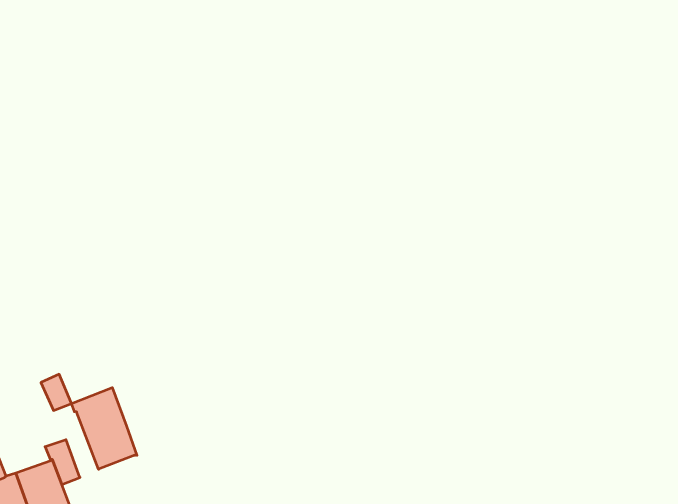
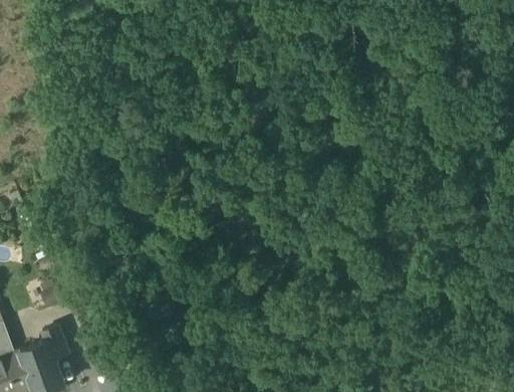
building: [72,388,137,469] -> none

